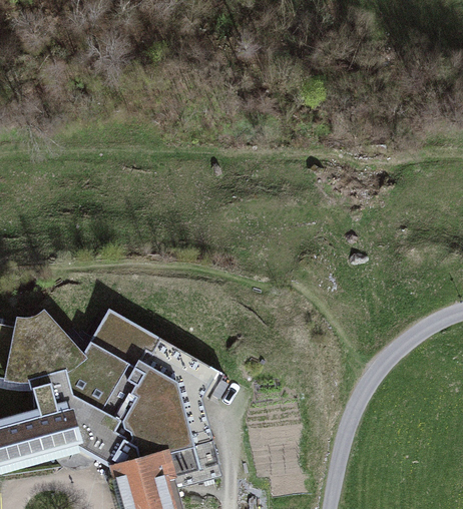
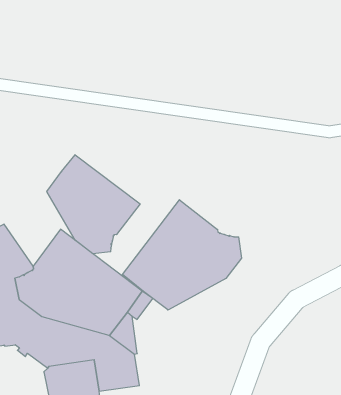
building: none -> [47,155,140,254]
building: none -> [122,200,242,310]

